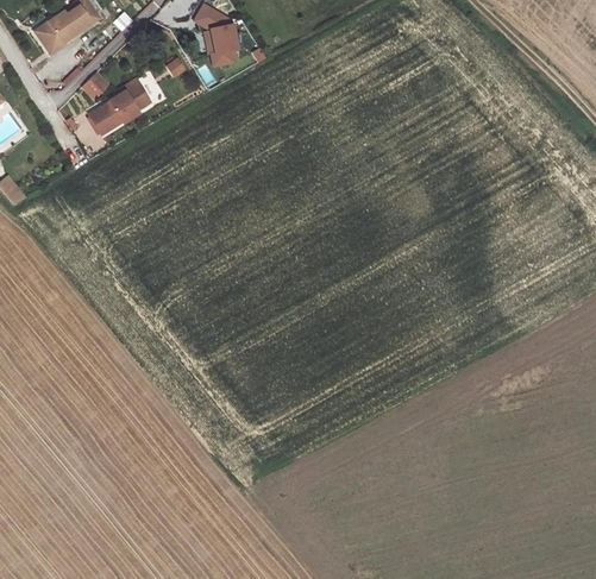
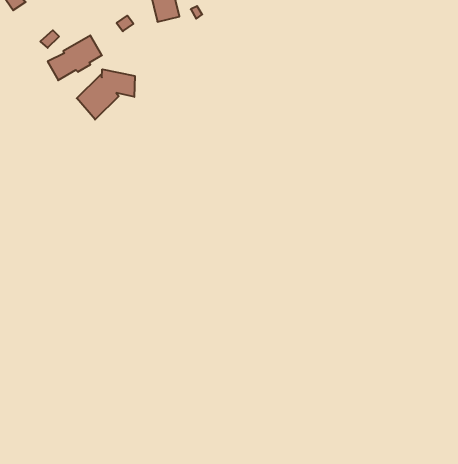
building: none -> [77,69,135,120]

